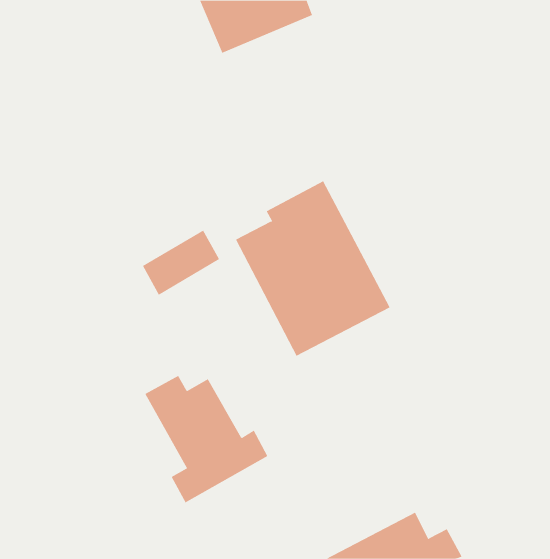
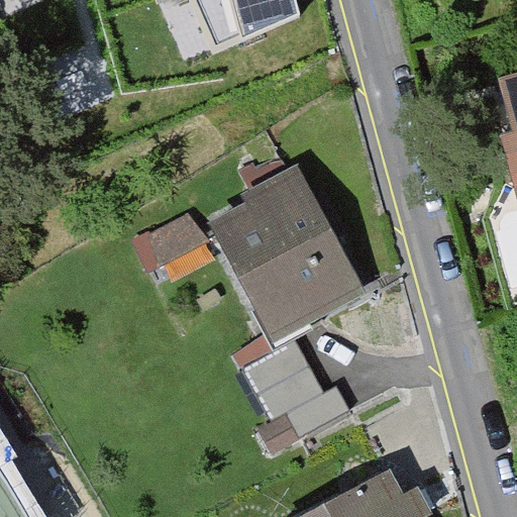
building: [145,375,268,503] -> [233,336,347,454]

